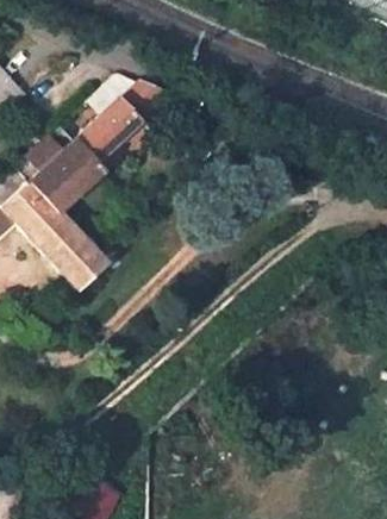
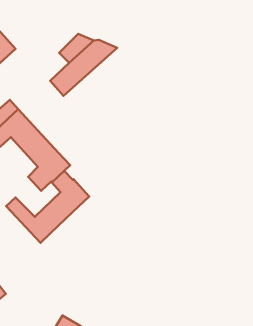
building: [19,127,105,214] -> none
building: none -> [6,171,89,243]

